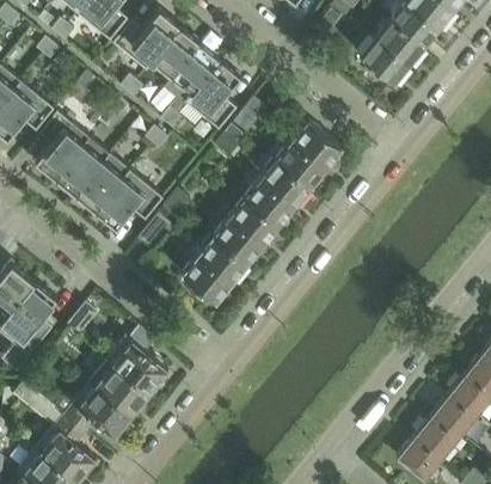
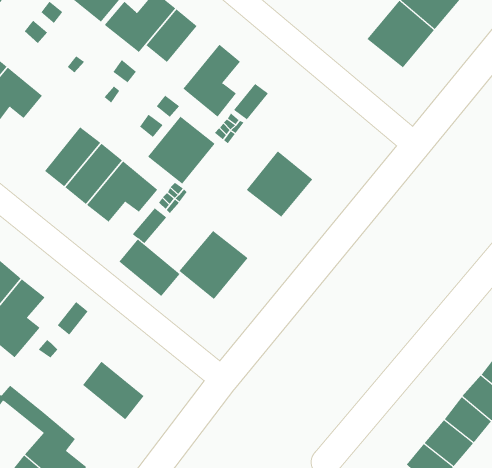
building: [172,43,221,94] -> none
building: [36,110,90,179] -> none
building: [276,120,343,188] -> none
building: [215,197,280,262] -> [147,116,216,184]
building: [110,337,168,392] -> [118,239,181,297]
building: [55,381,133,437] -> none

